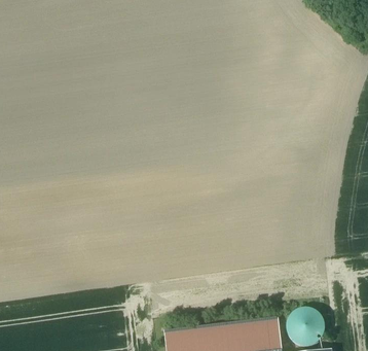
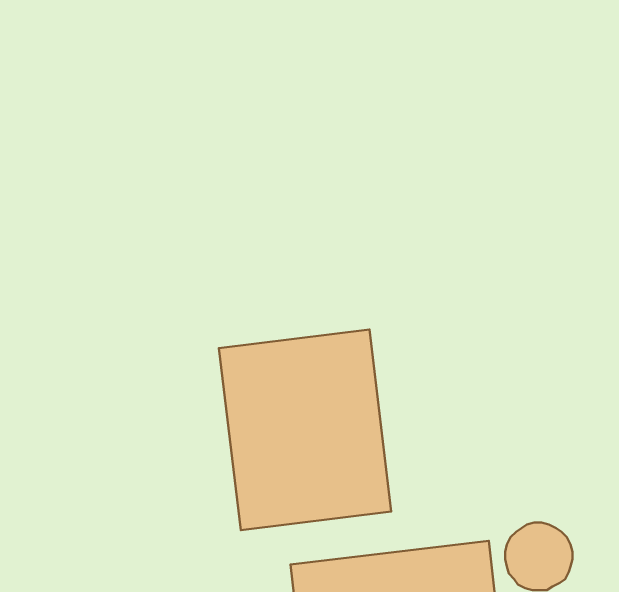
building: none -> [219,329,391,530]

